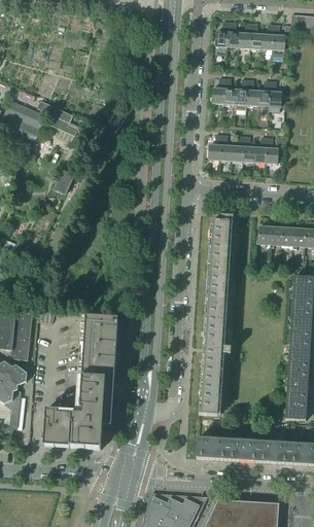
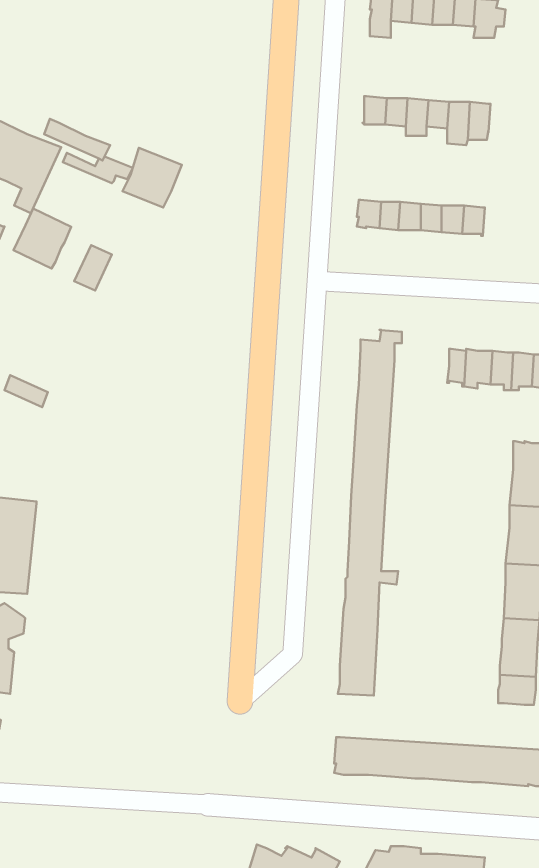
building: none -> [122,148,182,208]
building: none -> [13,208,71,269]
building: [43,316,117,449] -> none

